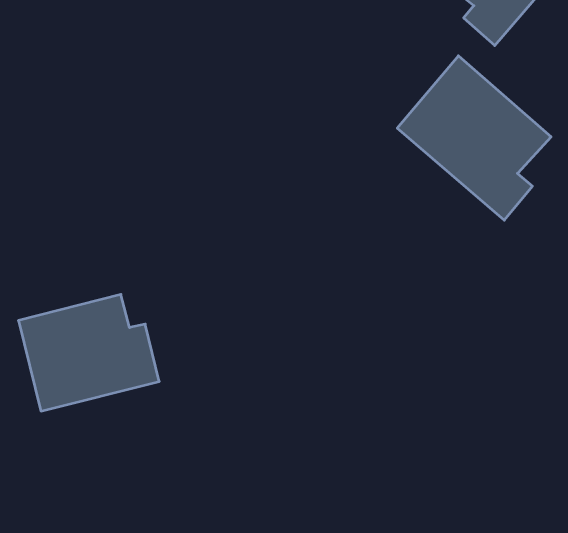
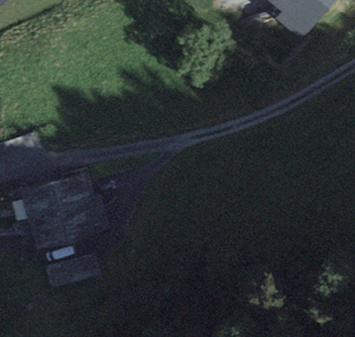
building: [397,56,551,220] -> none

